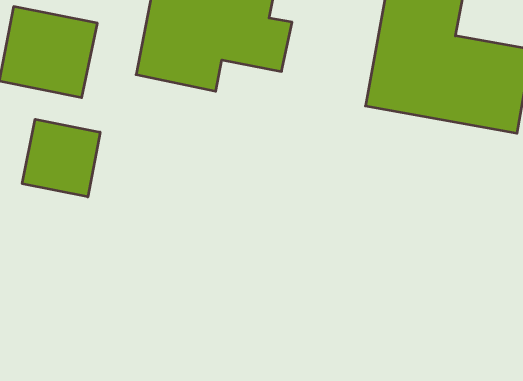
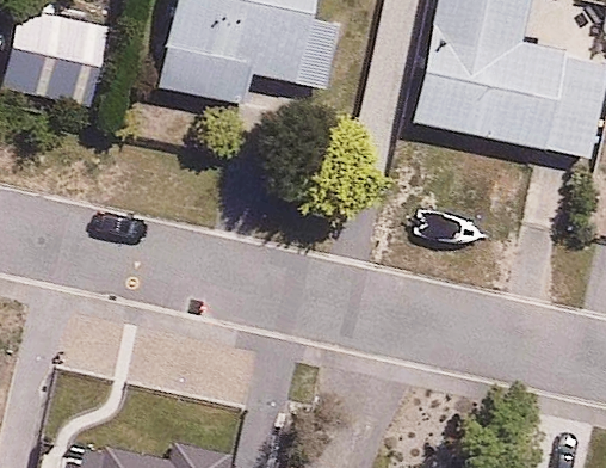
building: [22,119,100,197] -> none

